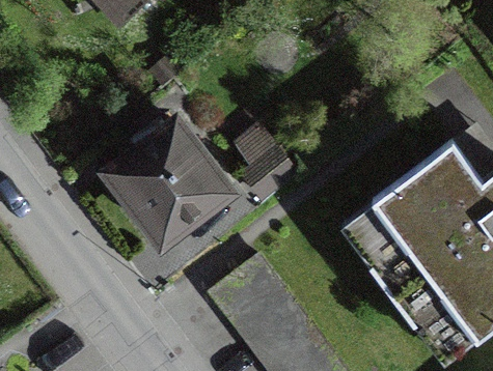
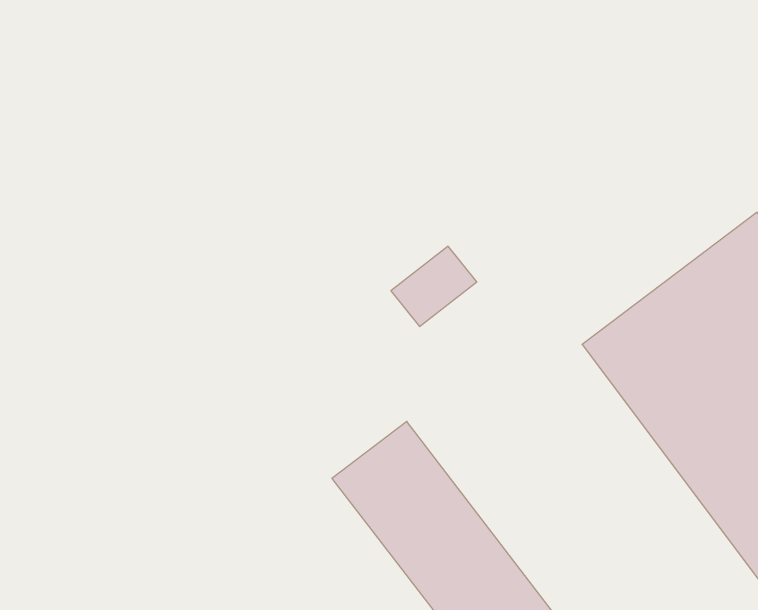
building: [115,127,230,244] -> none

